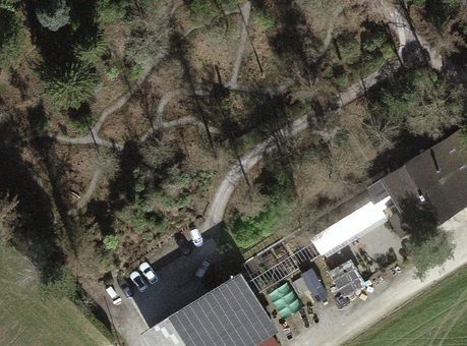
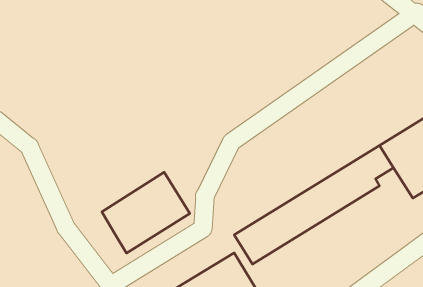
building: none -> [102,172,190,253]

